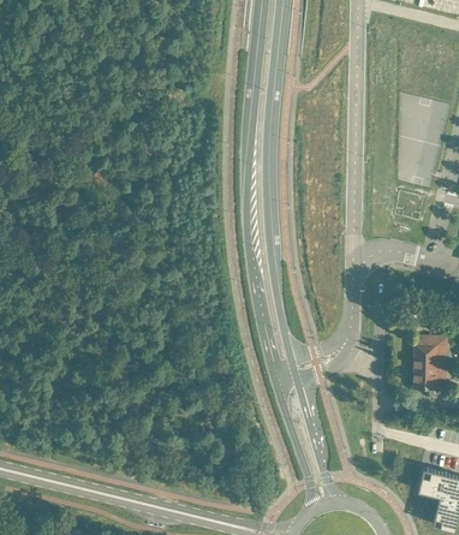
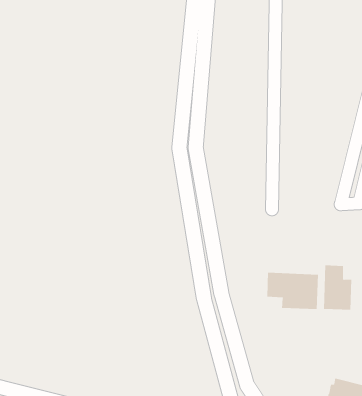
building: none -> [267,272,318,310]

